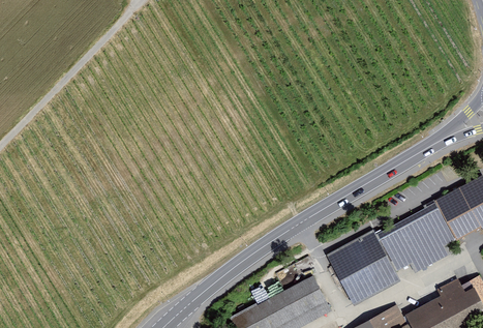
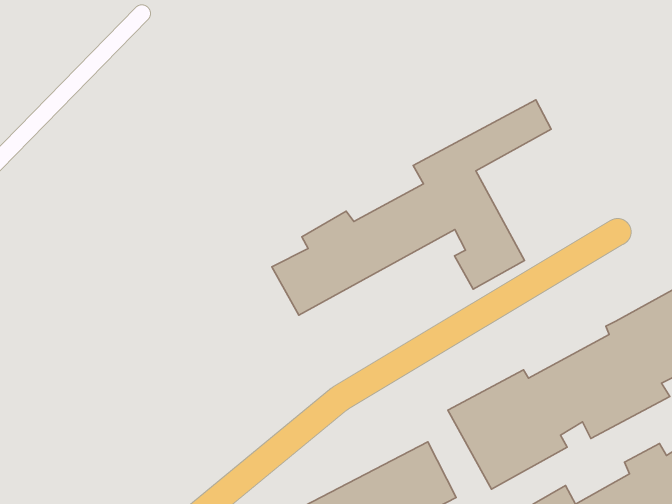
building: none -> [272,100,551,315]

